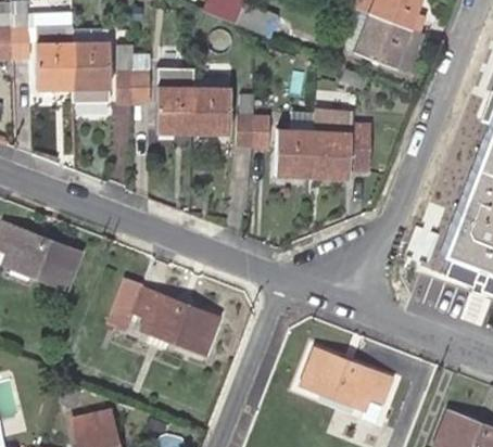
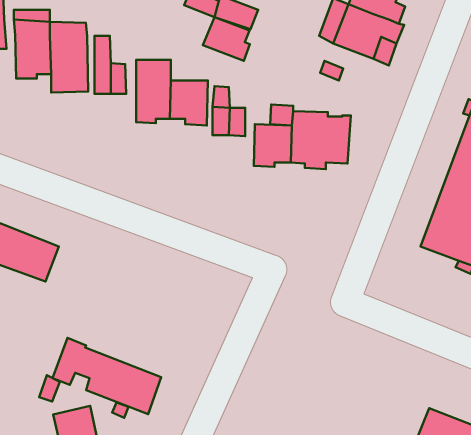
building: none -> [203,17,250,61]
building: [110,278,218,354] -> [52,338,161,414]
building: [302,349,391,409] -> none

